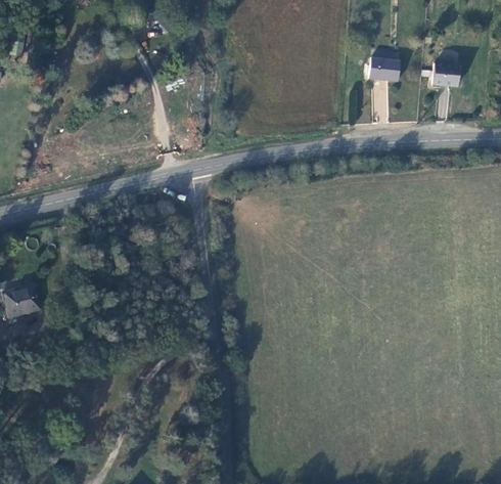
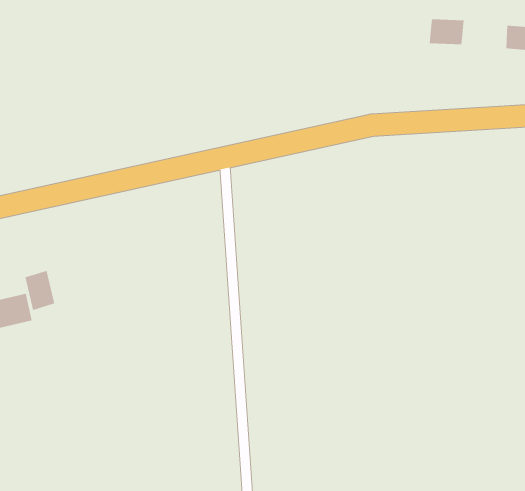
building: none -> [25,270,55,311]

